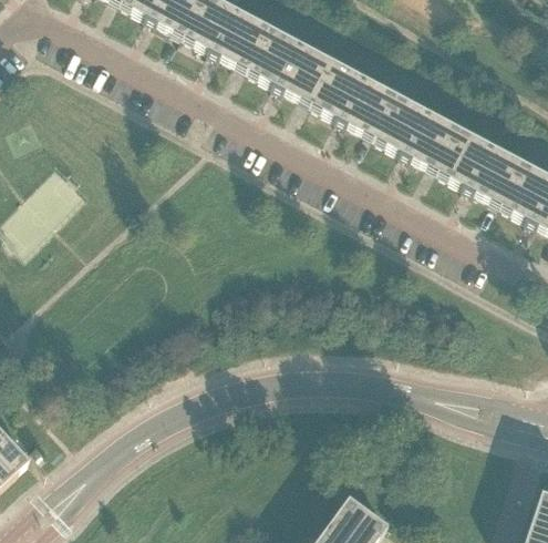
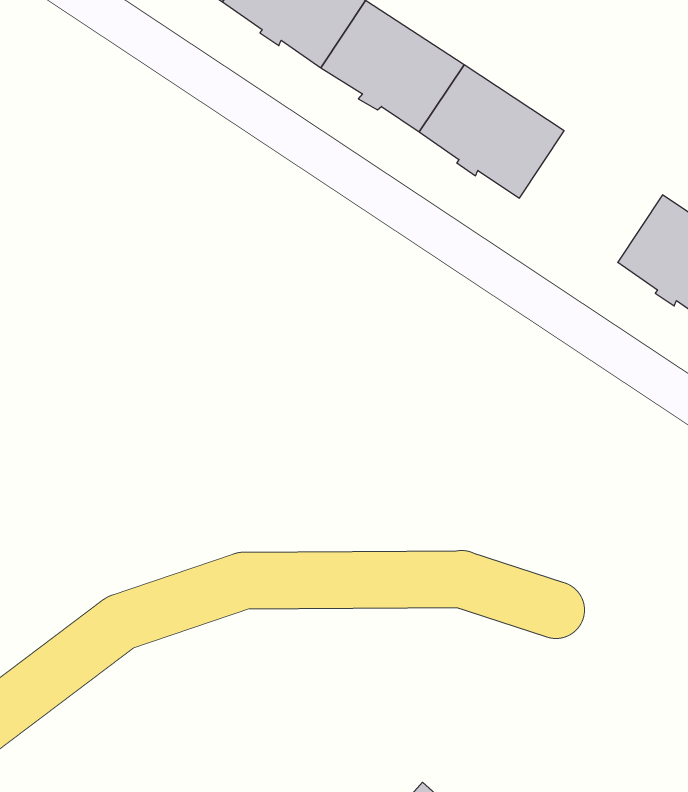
building: [371,92,457,168] -> none

